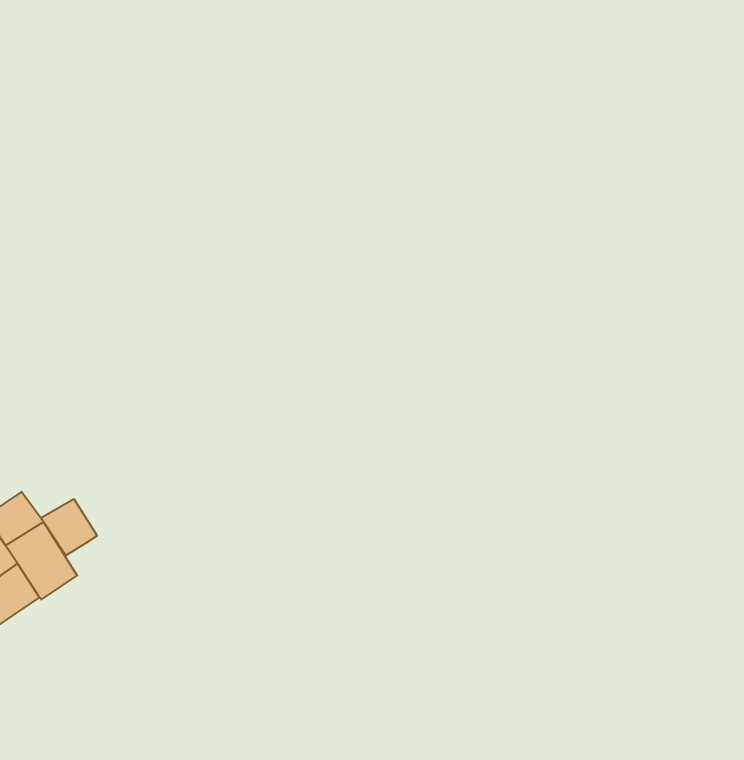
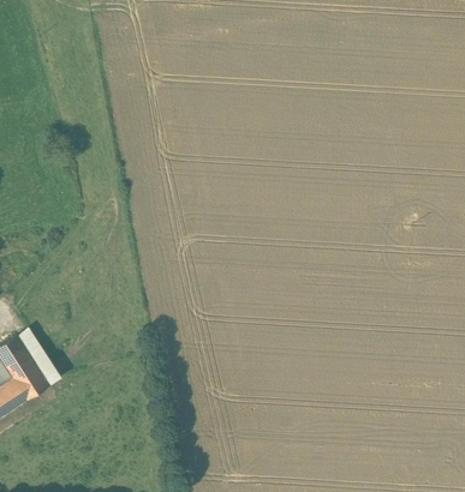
building: [41,499,97,556] -> none

